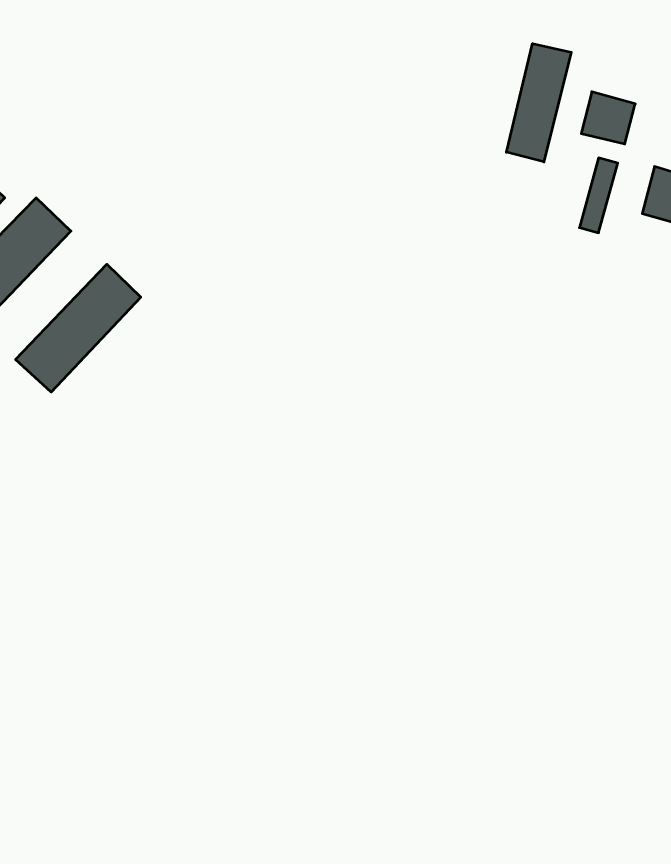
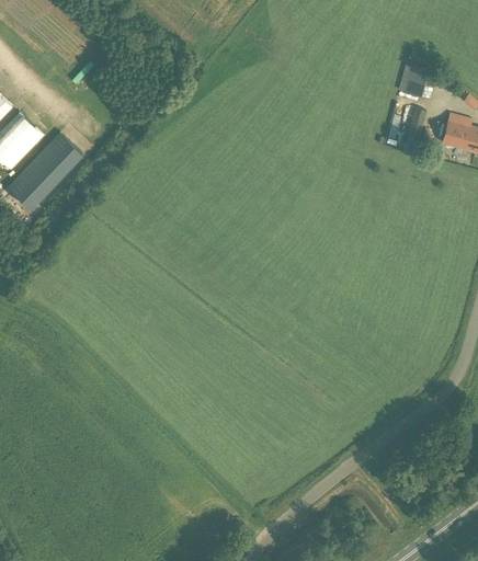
building: [506,44,571,162] -> none
building: [16,264,141,392] -> none

